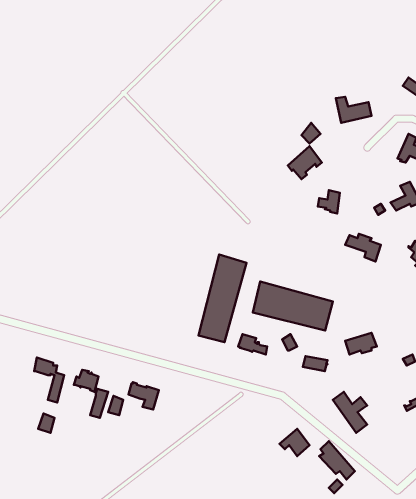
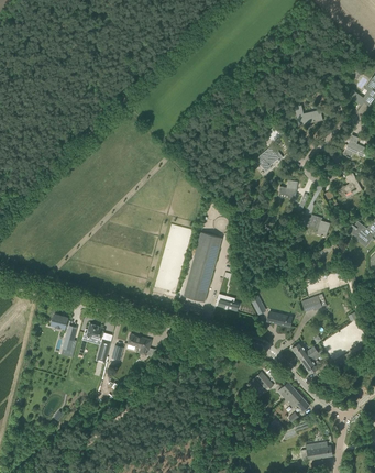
building: [253,281,333,330] -> none

